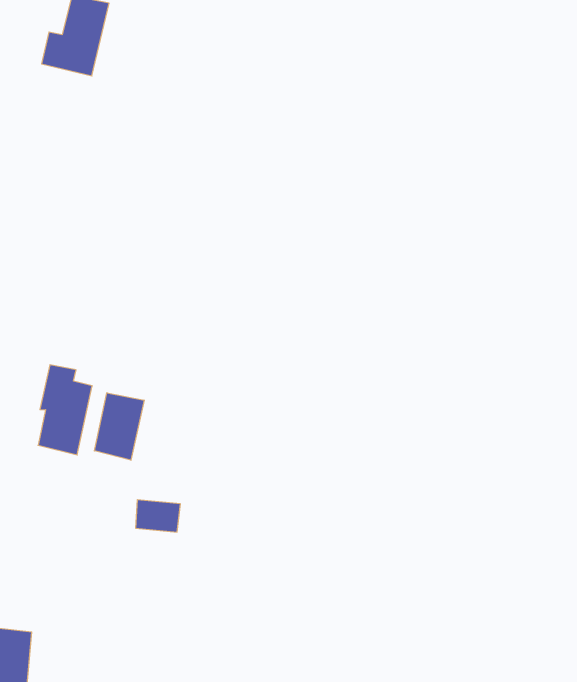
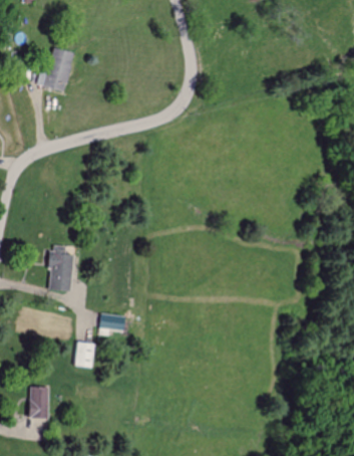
building: [94,393,144,460] -> none
building: none -> [76,343,97,368]

